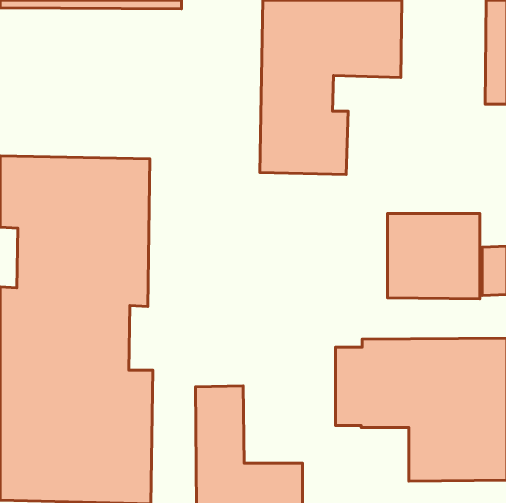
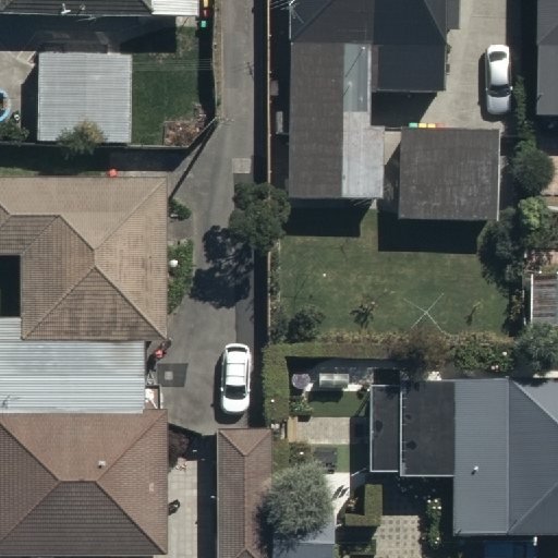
building: none -> [35,54,132,145]
building: [388,213,480,299] -> [397,125,498,219]

